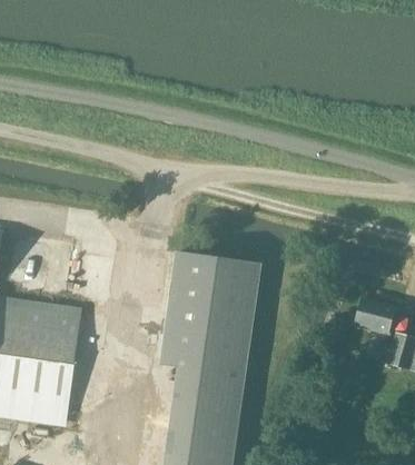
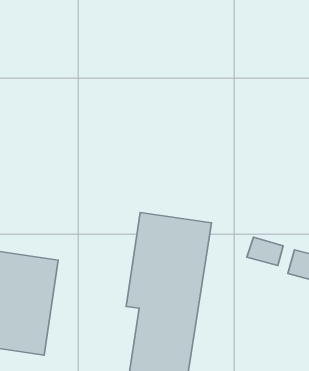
building: none -> [247,237,283,266]

